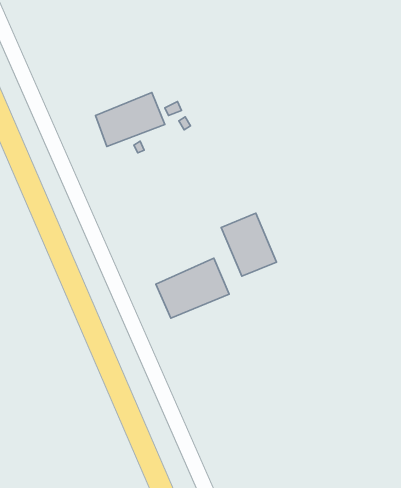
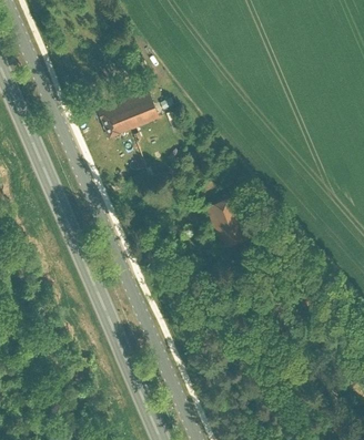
building: [156,258,229,318] -> none

